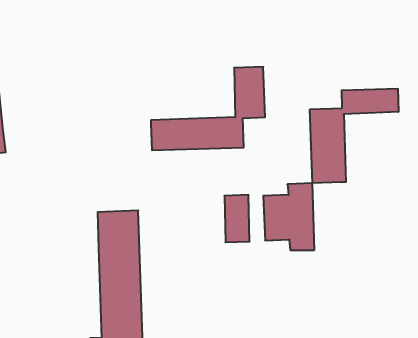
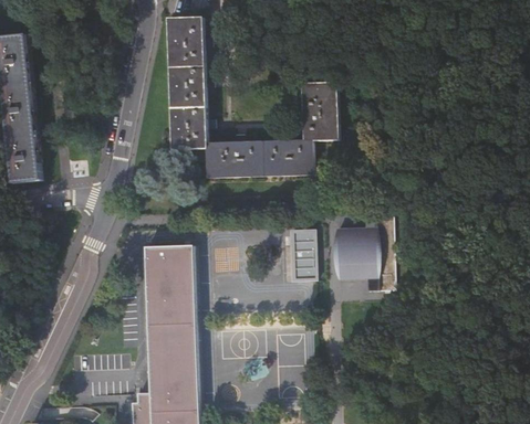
building: none -> [168,18,206,148]
building: [310,89,398,183] -> none

